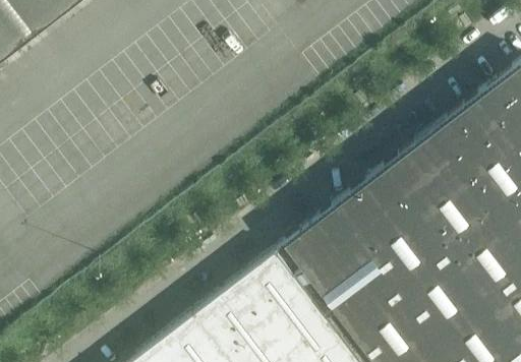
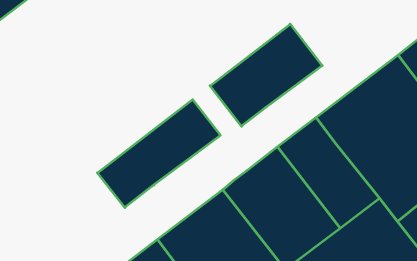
building: none -> [210,24,322,126]
building: none -> [97,100,220,208]

